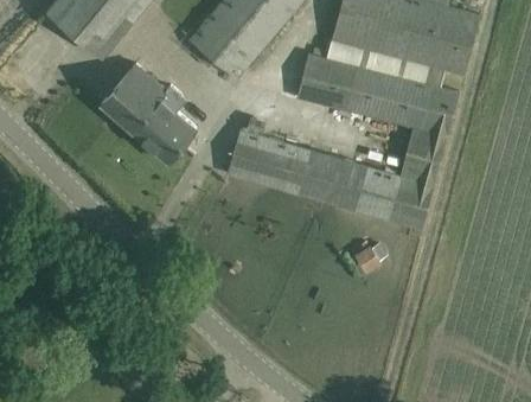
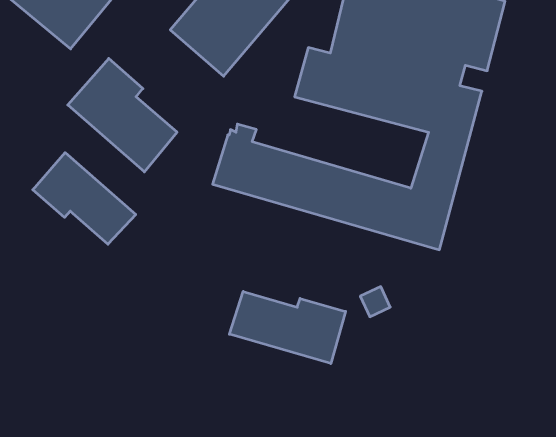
building: none -> [33,153,136,244]
building: none -> [229,291,346,364]

